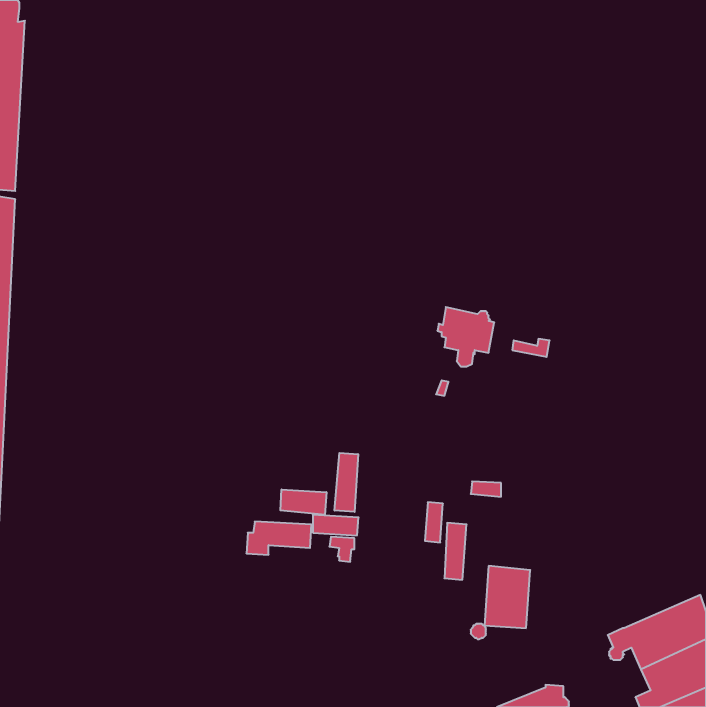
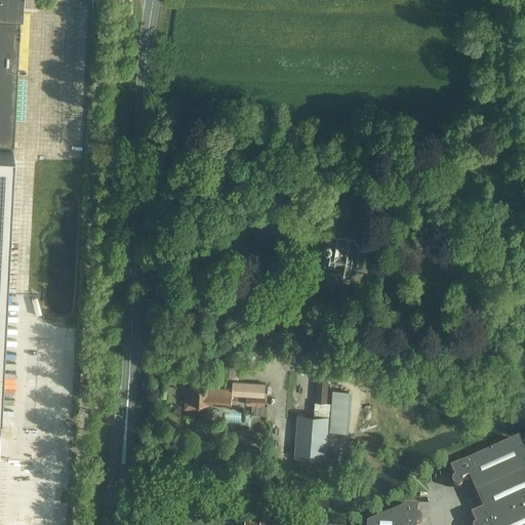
building: [335,453,358,512] -> none
building: [280,489,326,515] -> none
building: [485,566,530,628] -> [294,413,328,459]

